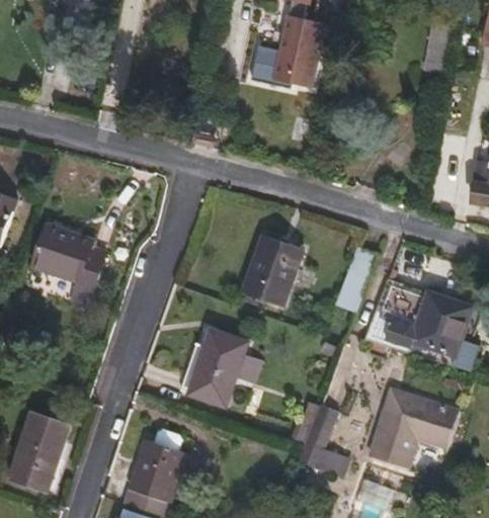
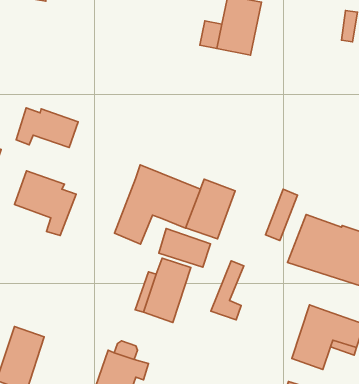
building: none -> [16,108,78,147]
building: none -> [114,165,200,244]
building: none -> [159,229,210,267]
building: [298,396,337,466] -> [211,261,244,320]

